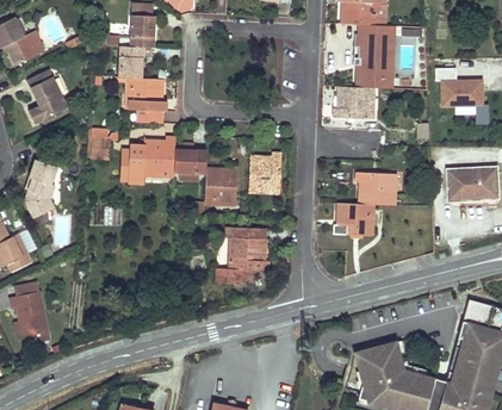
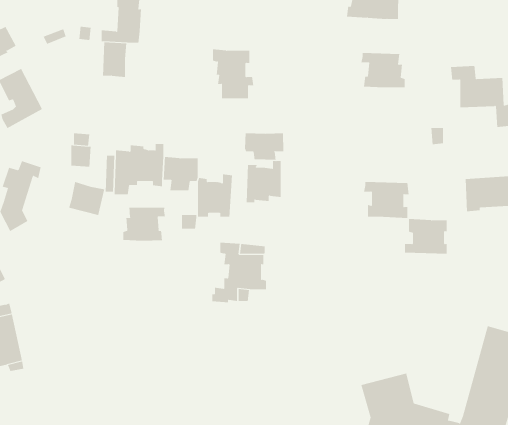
building: [354,25,396,57] -> none
building: [128,77,166,123] -> [212,49,254,99]
building: [334,87,374,119] -> none
building: none -> [244,132,284,161]
building: none -> [69,181,105,216]
building: none -> [123,207,166,241]
building: [334,204,373,236] -> [404,219,448,254]

